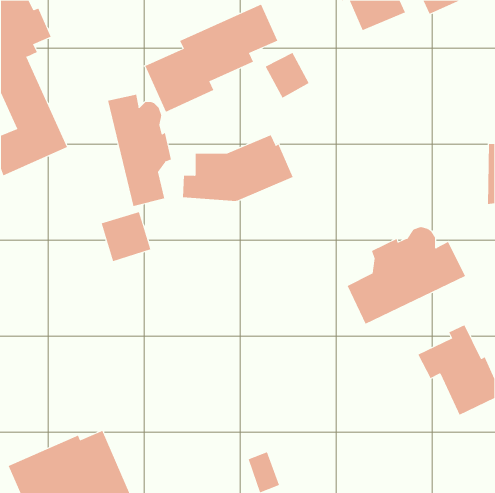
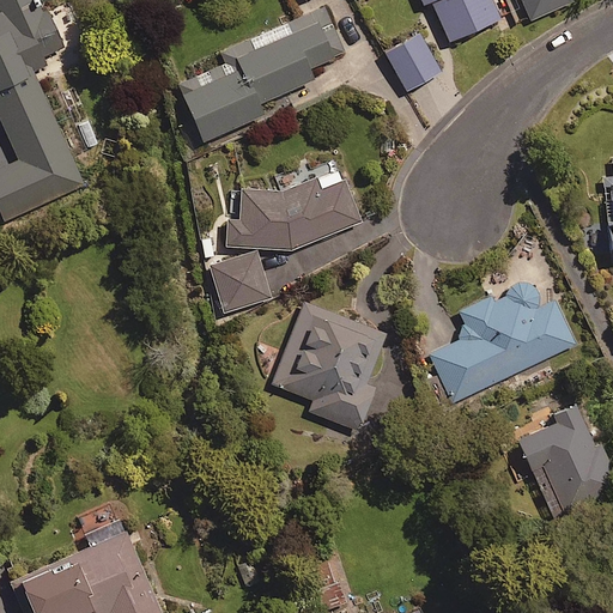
building: [265,52,309,99] -> [384,34,439,91]
building: [107,94,172,207] -> none
building: [101,212,151,262] -> [208,251,271,314]
building: none -> [272,304,384,431]

